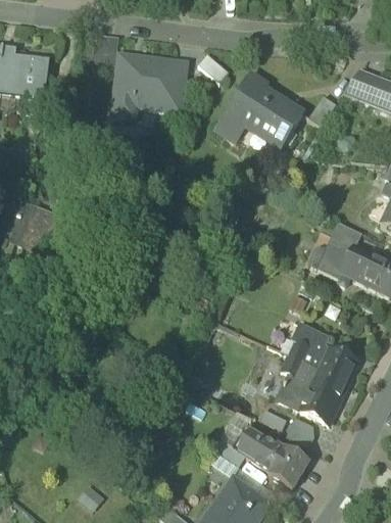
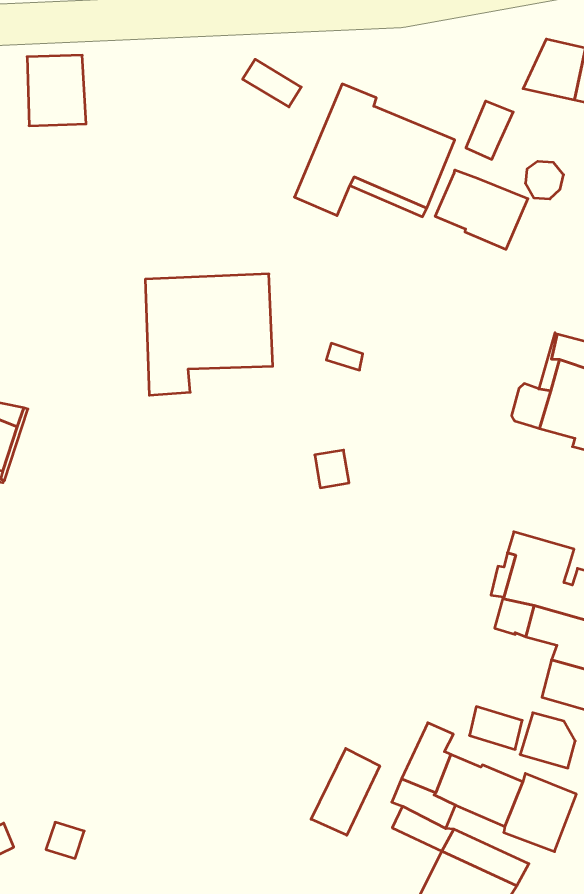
building: [112,54,185,116] -> [145,274,273,395]
building: none -> [435,170,528,249]
building: [279,372,311,408] -> none
building: none -> [311,748,380,835]

